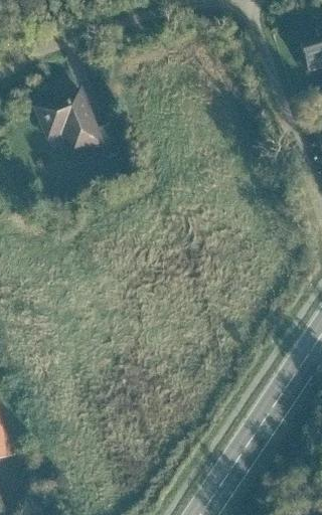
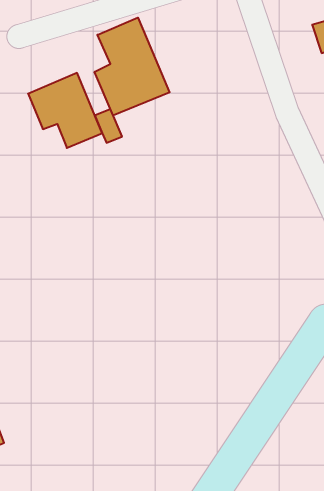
building: none -> [95,18,170,116]

